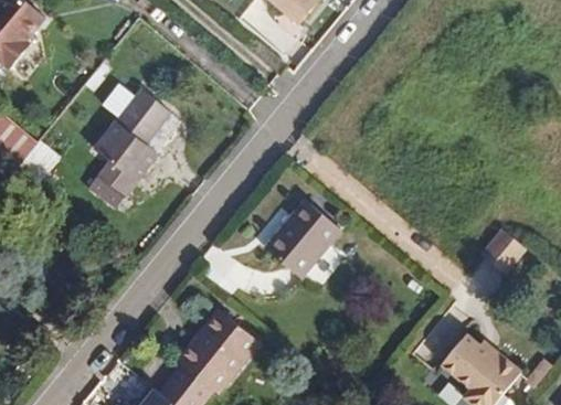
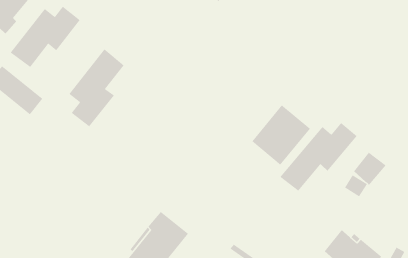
building: none -> [10,6,81,68]
building: none -> [280,122,357,191]
building: [262,198,342,280] -> [251,104,311,166]

